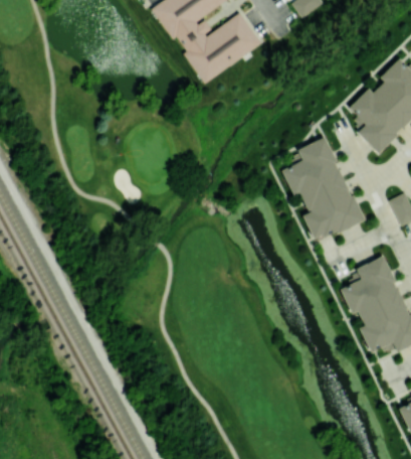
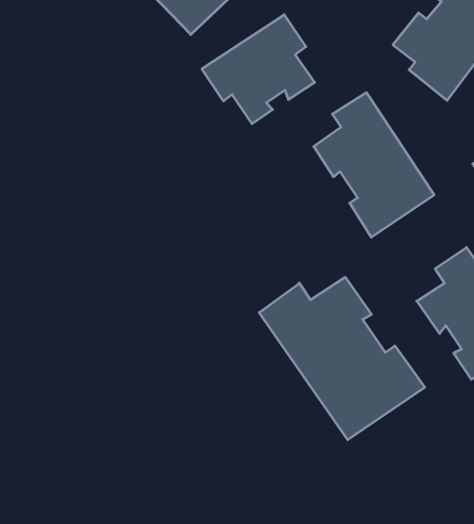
building: none -> [202,15,315,124]
building: none -> [259,277,425,440]

